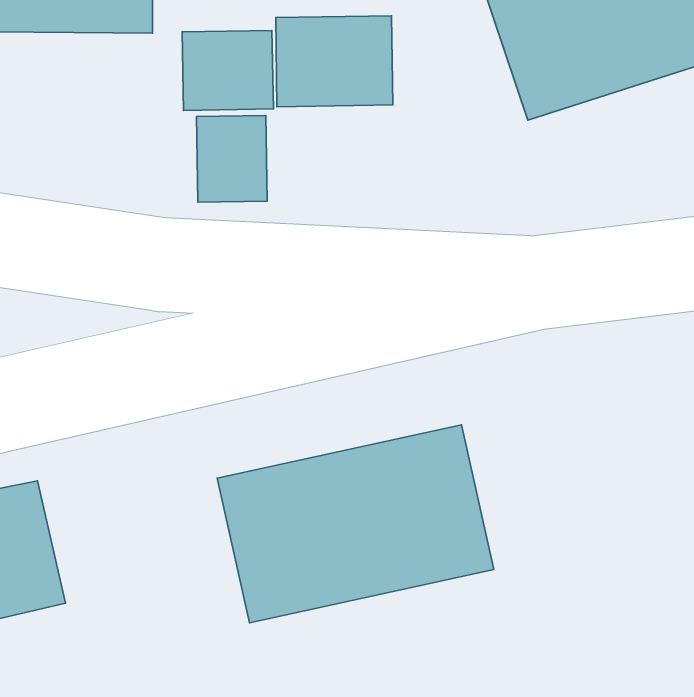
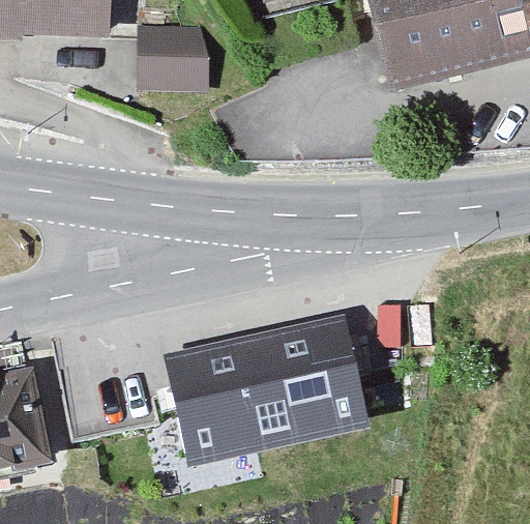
building: [276,16,393,107] -> none
building: [197,116,267,202] -> none

